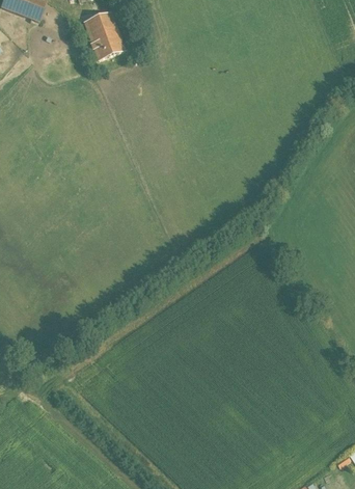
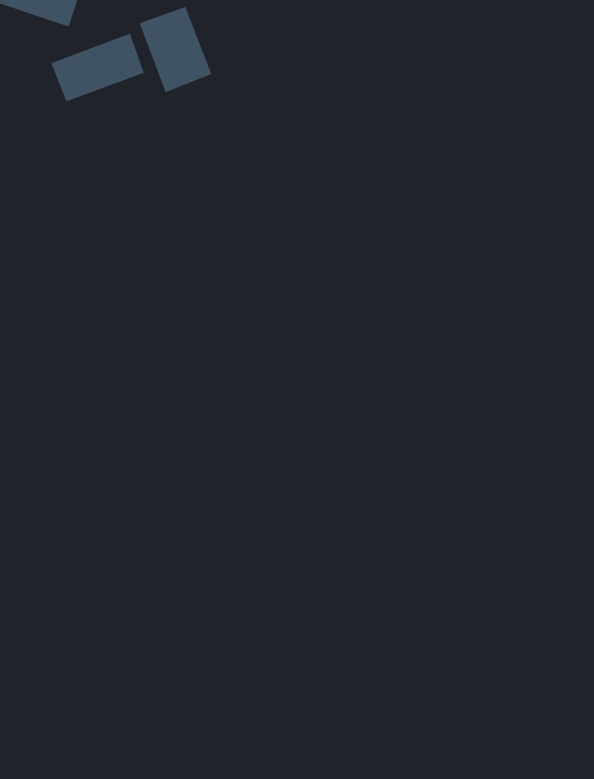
building: none -> [50,33,144,102]

